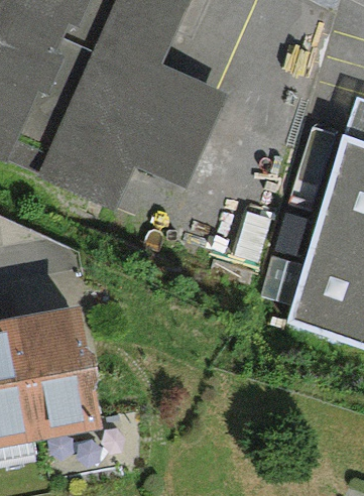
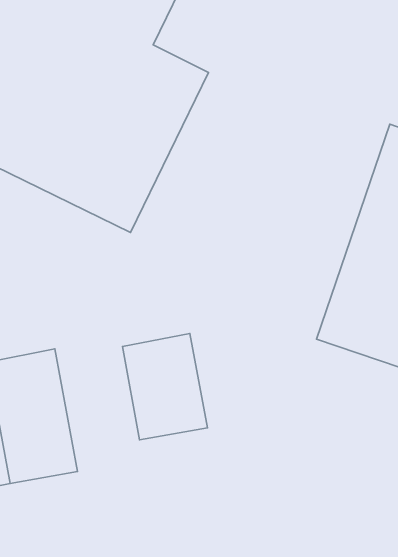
building: none -> [122,333,207,440]

